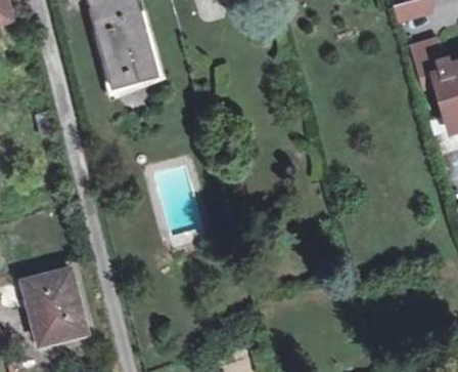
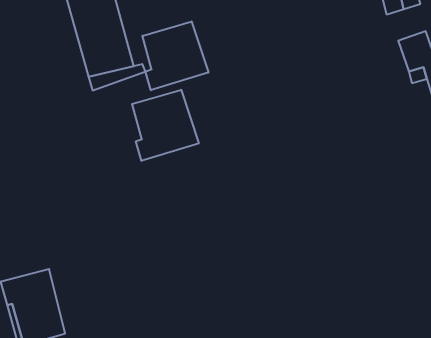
building: none -> [142,21,208,90]
building: none -> [132,90,199,161]

